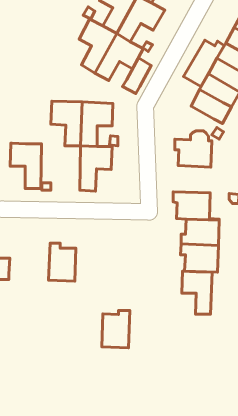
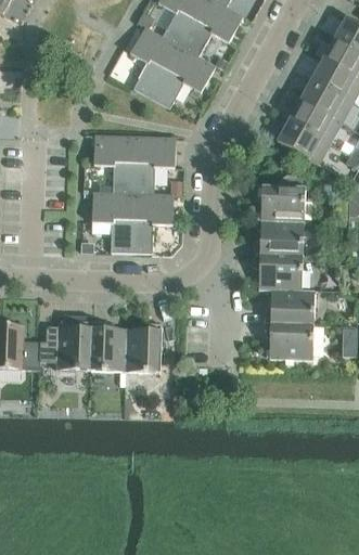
building: [184,40,224,86] -> none
building: [123,58,151,94] -> none
building: [10,143,42,189] -> [91,192,132,251]
building: none -> [254,219,304,255]
building: none -> [38,315,92,370]
building: [182,271,212,314] -> none
building: [102,311,130,348] -> [125,323,162,372]

